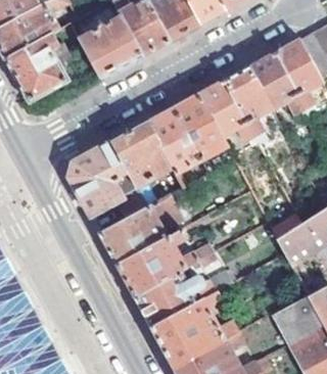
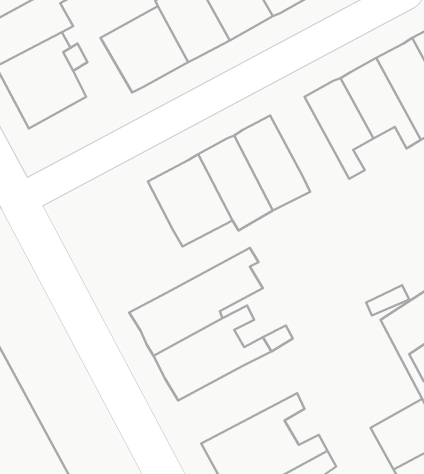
building: [199,80,259,147] -> none
building: [68,140,147,221] -> none
building: [134,271,225,326] -> none

